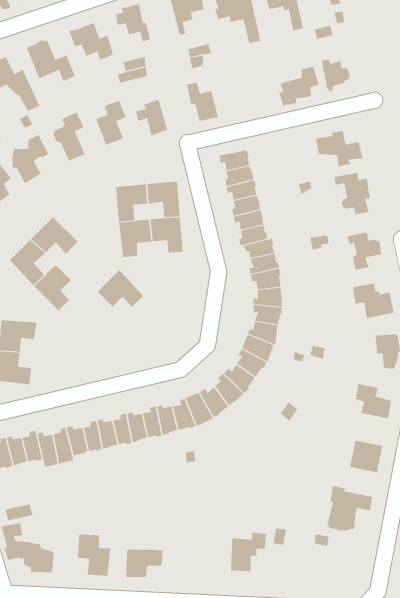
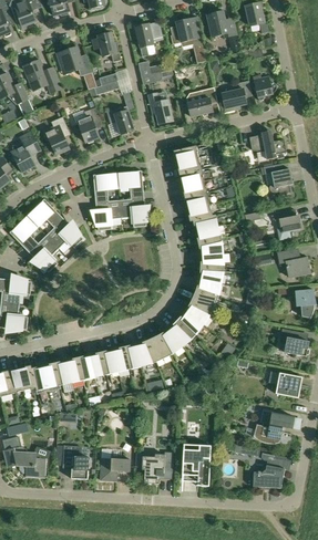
building: none -> [186,87,217,116]
building: [97,269,144,307] -> [45,218,82,248]
building: none -> [141,451,173,484]
building: none -> [248,453,284,489]

